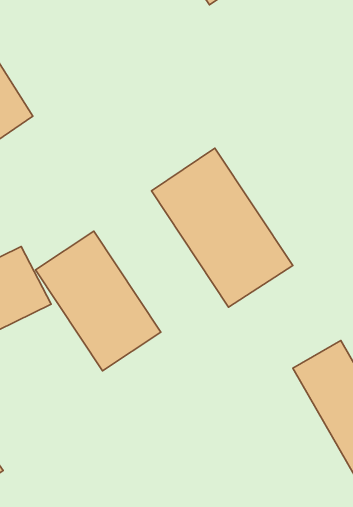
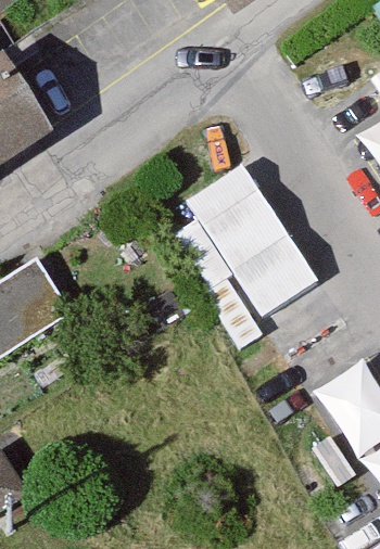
building: [35,231,161,371] -> none

